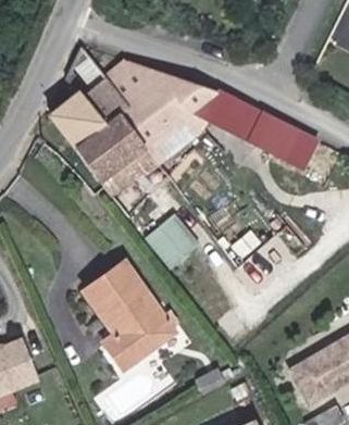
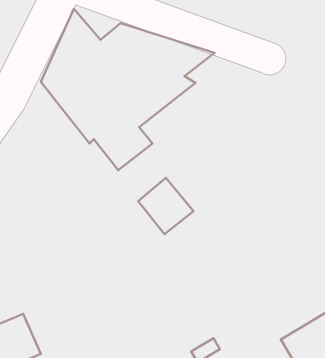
building: [189,89,320,171] -> none
building: [85,263,177,370] -> none

